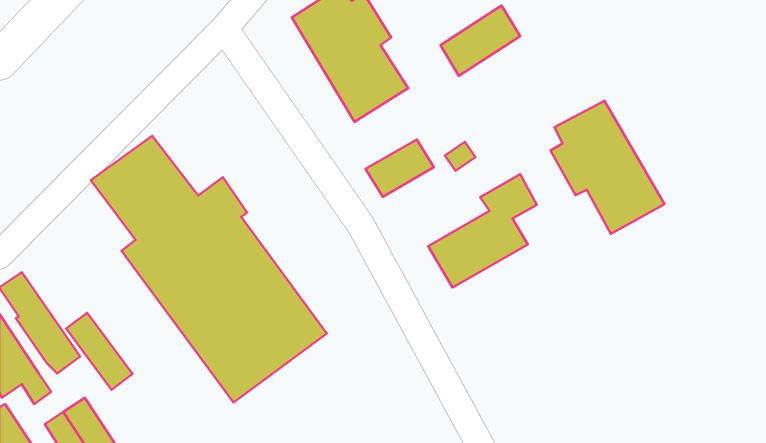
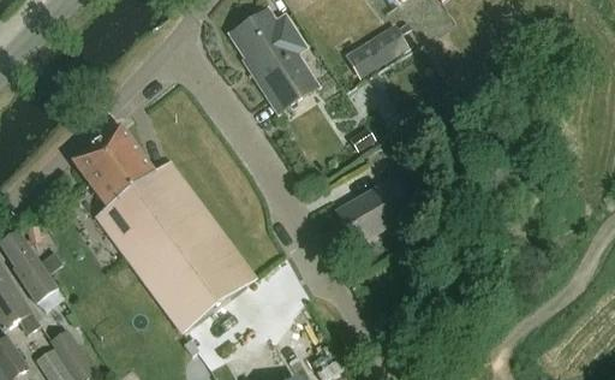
building: [550,101,664,234] -> none
building: [366,139,434,197] -> none
building: [66,313,132,390] -> none

